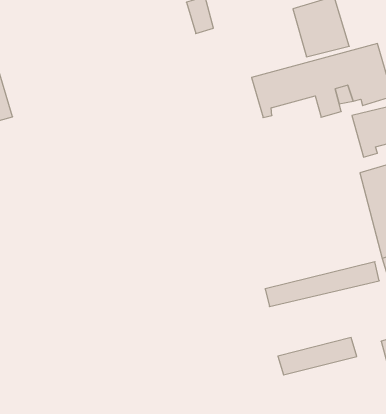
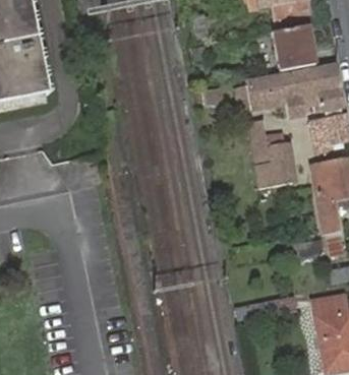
building: none -> [252,128,292,185]

